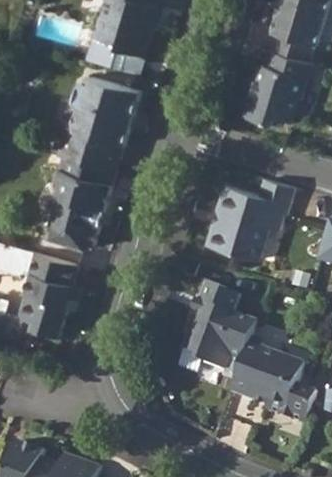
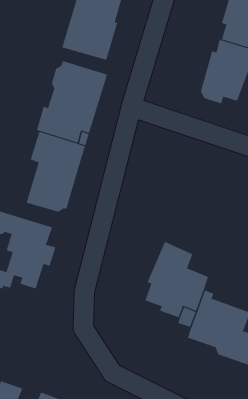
building: [206,178,294,261] -> none

